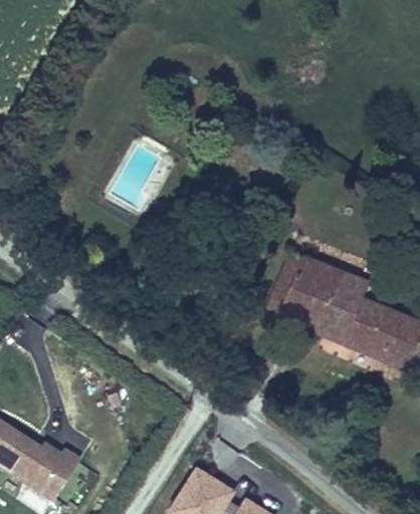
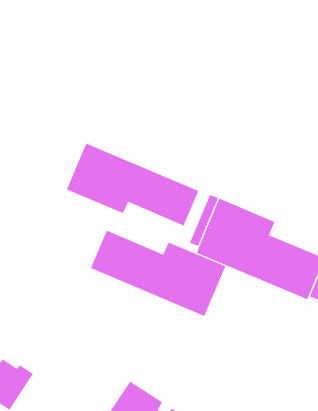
building: none -> [66,143,199,226]
building: none -> [90,230,226,317]

